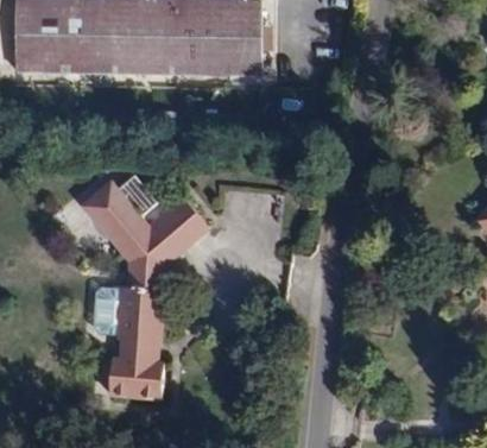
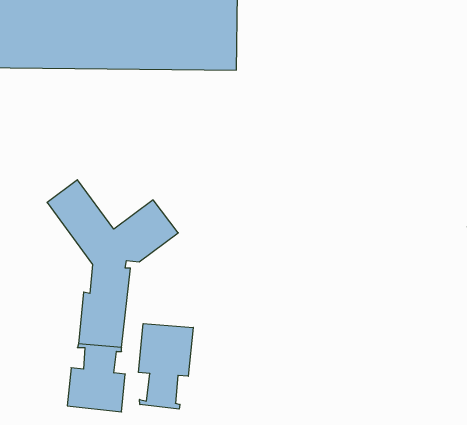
building: none -> [138,324,193,409]

